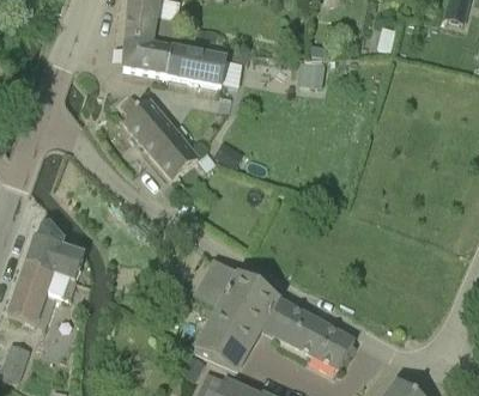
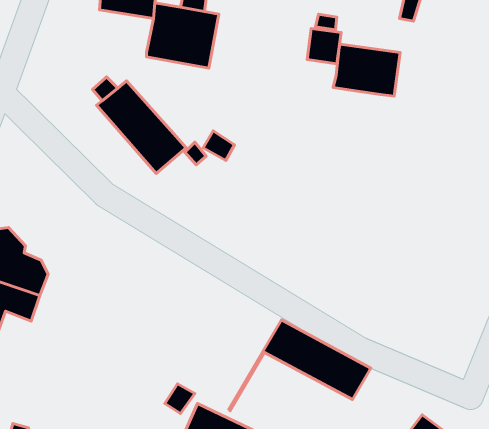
building: [123,38,171,74] -> none
building: none -> [333,44,400,96]
building: [192,256,279,374] -> none

